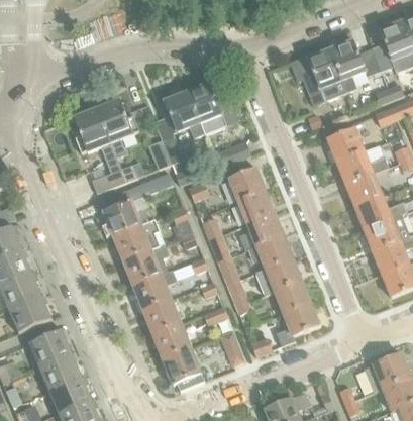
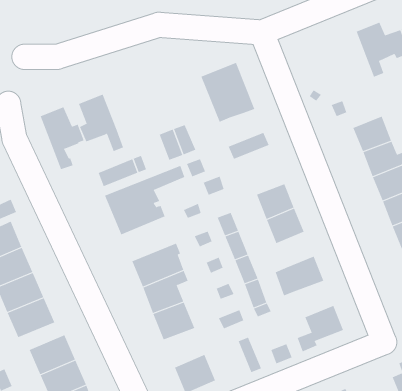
building: [290,50,346,107] -> none
building: [164,92,204,138] -> none
building: [97,99,138,157] -> [40,106,85,170]
building: [229,168,265,201] -> none
building: [113,221,165,262] -> none
building: [248,235,292,269] -> none
building: [274,281,310,314] -> none
building: [152,324,191,360] -> none

